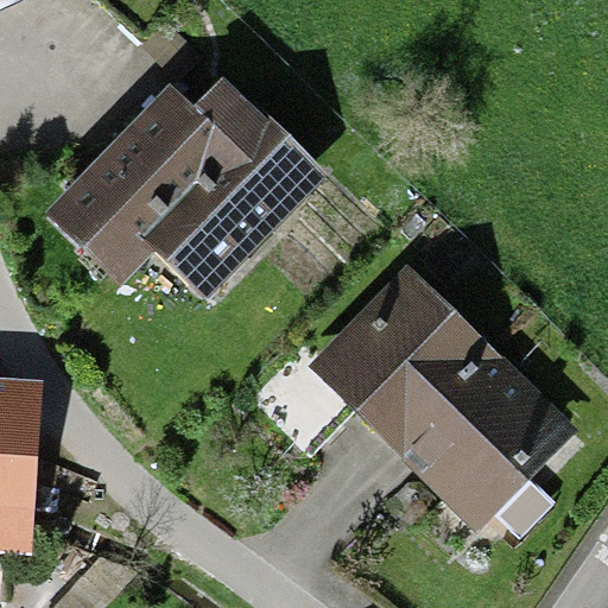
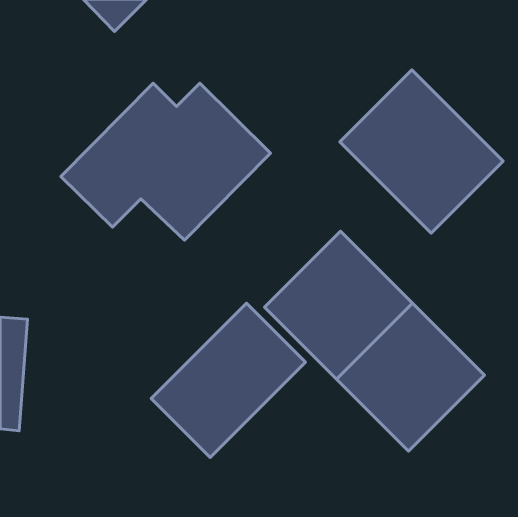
building: none -> [340,70,503,233]
building: none -> [151,303,305,457]

